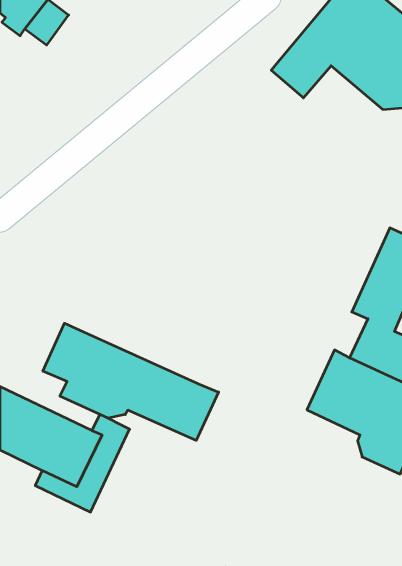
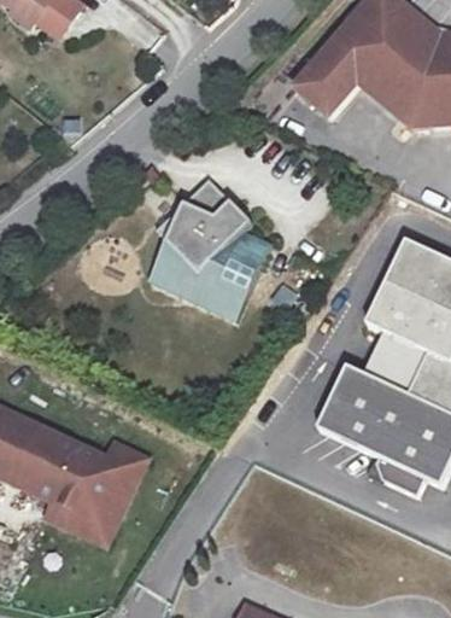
building: none -> [142,176,265,319]
building: [43,323,219,440] -> none

